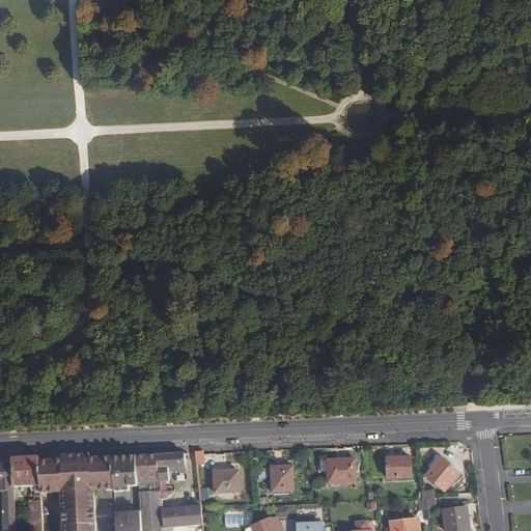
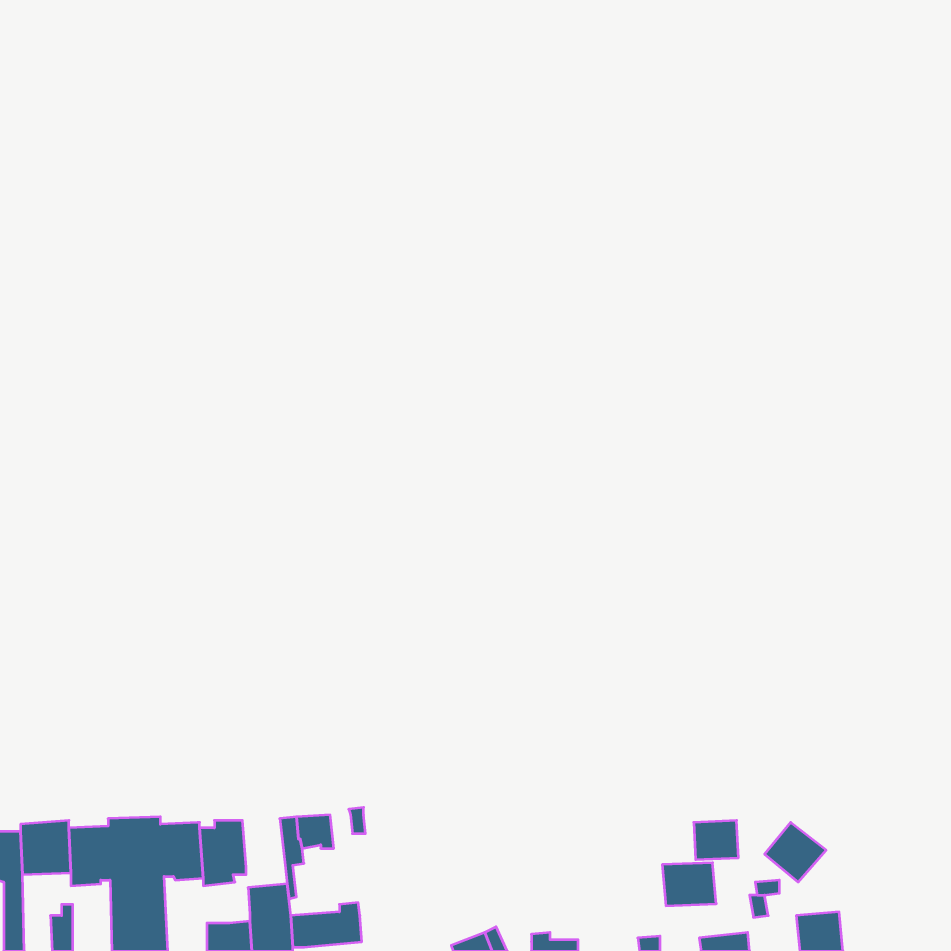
building: [135,455,159,482] -> none
building: [326,458,356,482] -> [662,863,716,906]
building: [270,466,292,491] -> none
building: [213,470,239,493] -> none

